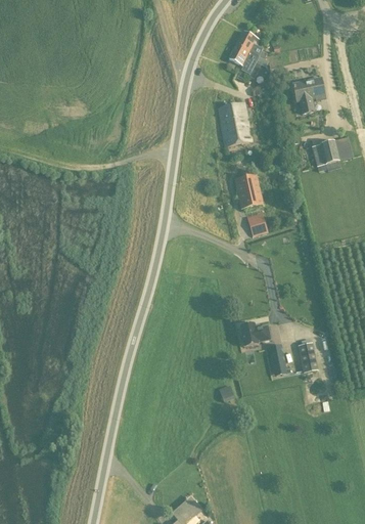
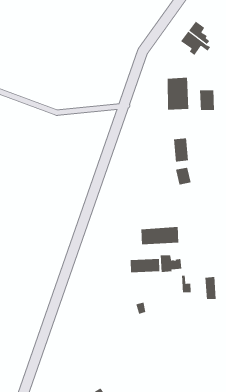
building: none -> [200,90,215,111]
building: none -> [141,226,179,245]
building: none -> [130,258,160,273]

